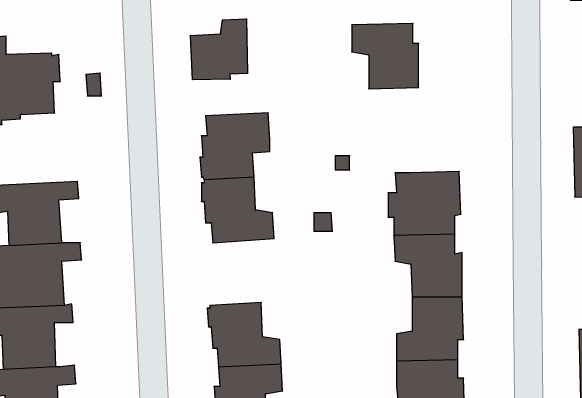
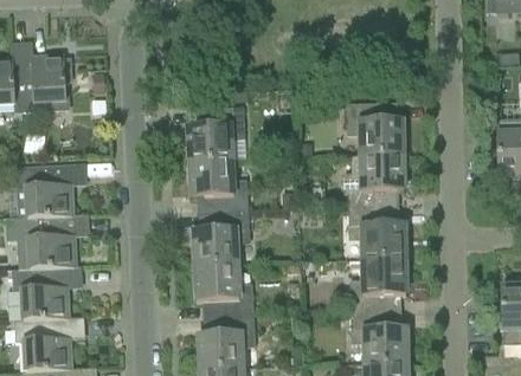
building: [190,19,248,80] -> none
building: [352,23,419,89] -> [347,102,403,156]
building: none -> [192,210,250,266]

